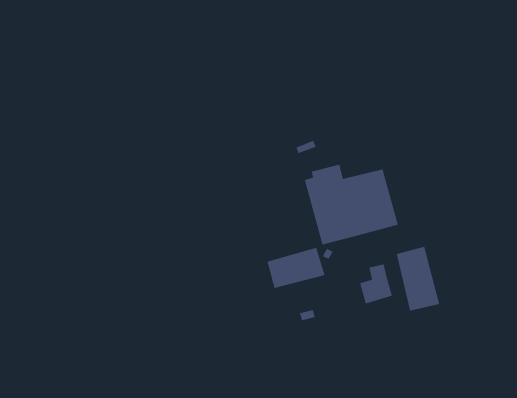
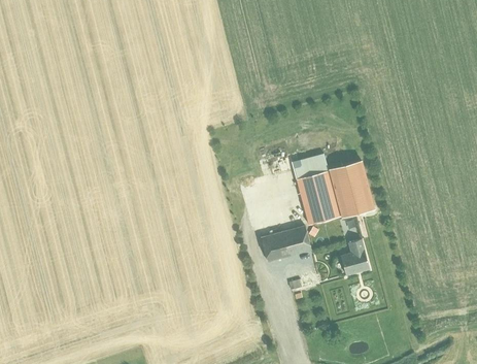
building: [396,246,440,311] -> none

